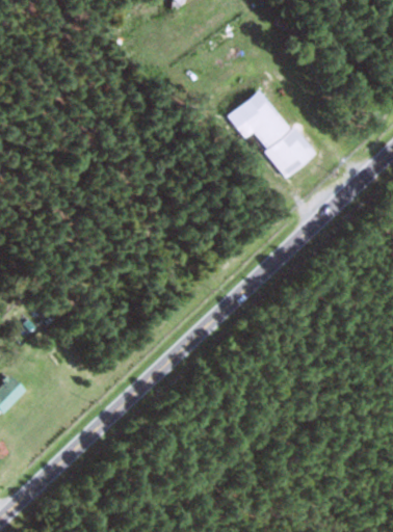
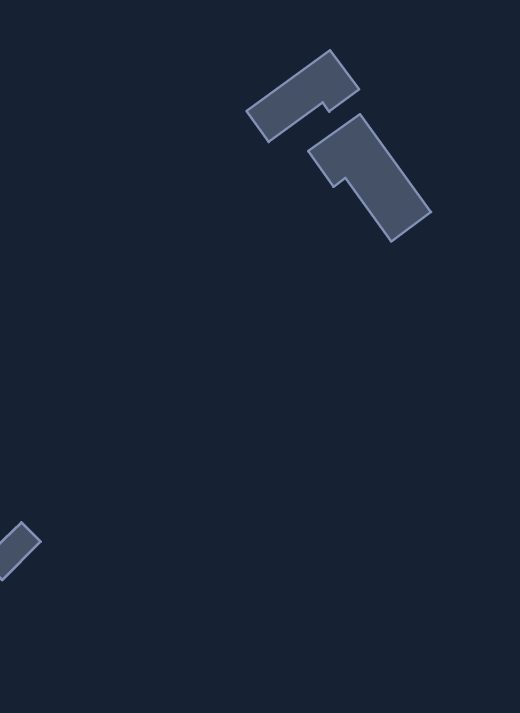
building: none -> [247,50,359,142]

